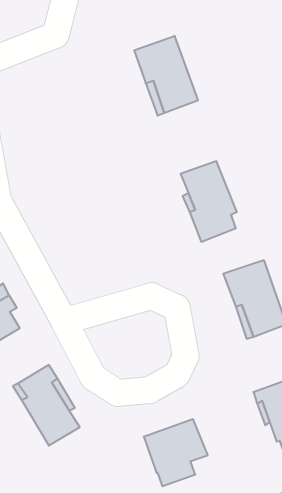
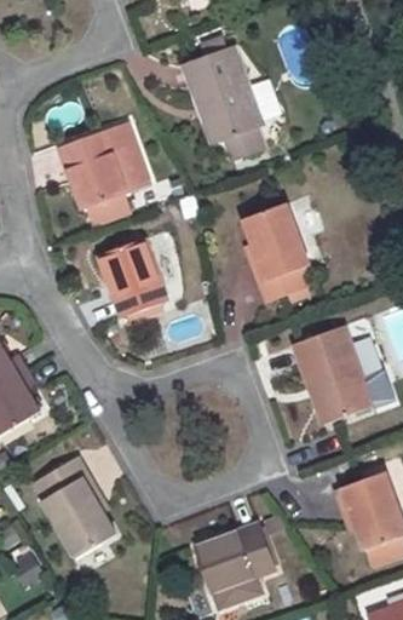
building: none -> [59,122,150,226]
building: none -> [98,240,168,318]

